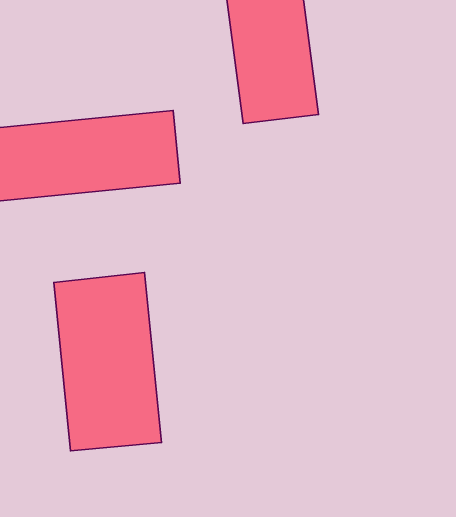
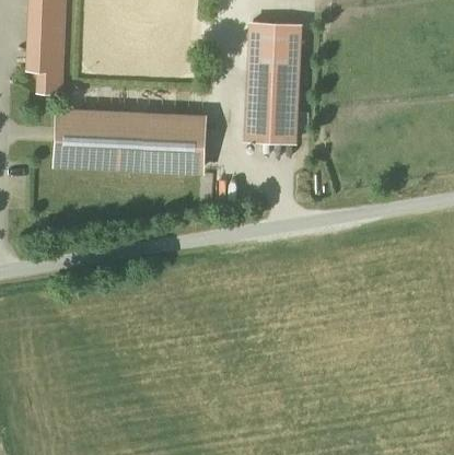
building: [54,273,161,451] -> none

